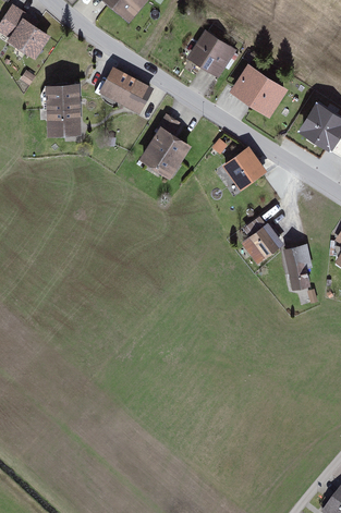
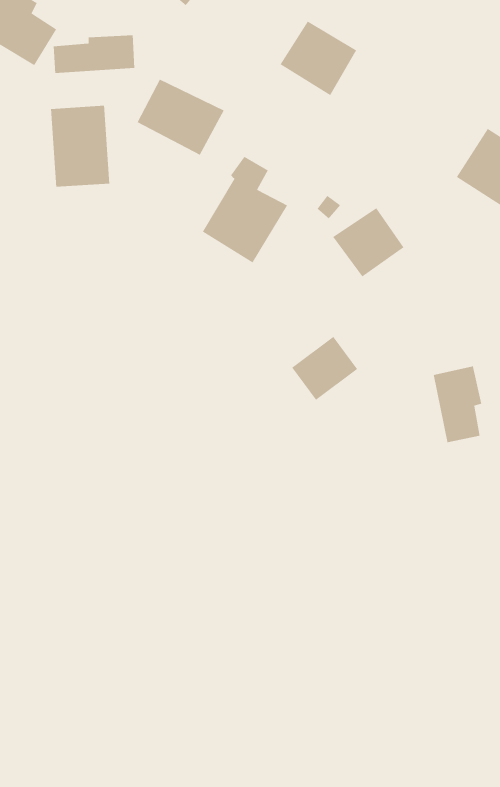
building: none -> [53,34,135,74]
building: [229,63,288,117] -> none
building: [242,223,283,264] -> [291,336,358,401]

